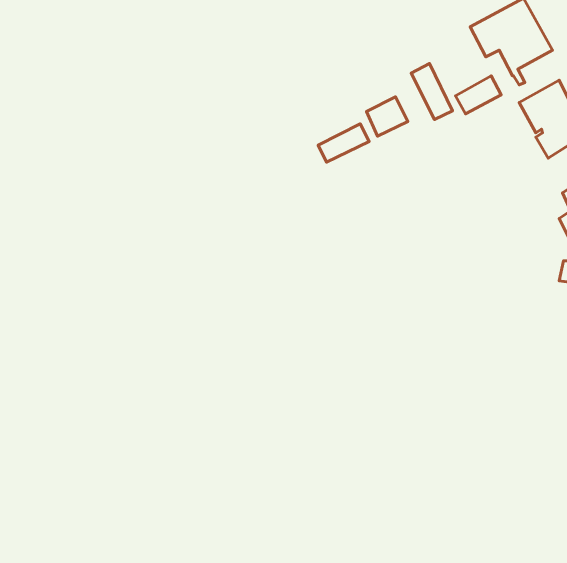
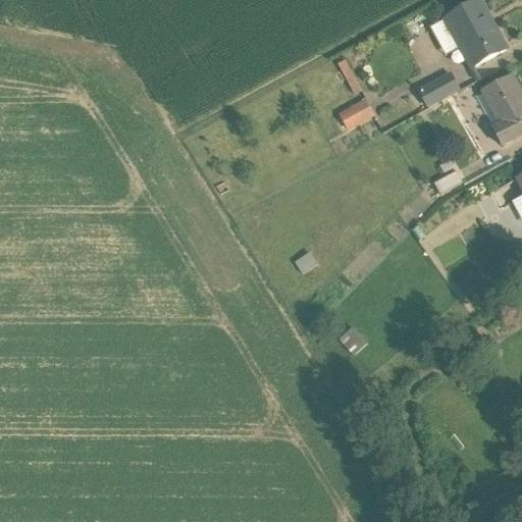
building: [411,63,452,120] -> none
building: [318,124,369,162] -> none

